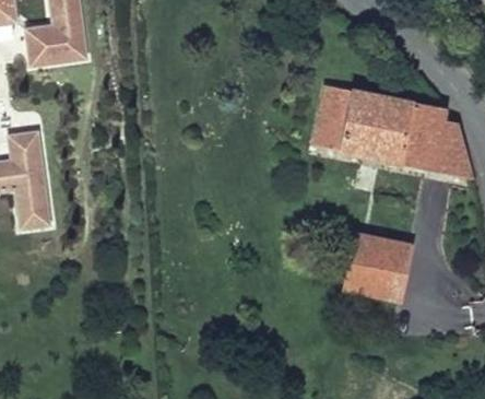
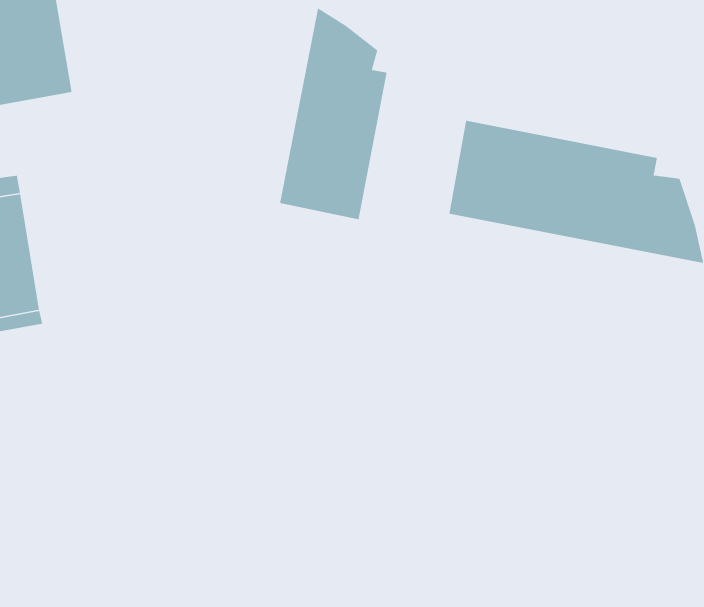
building: none -> [279,7,388,220]
building: [339,235,409,303] -> none

